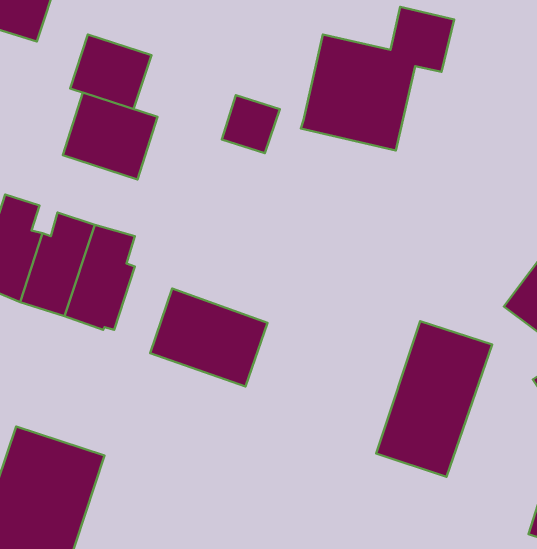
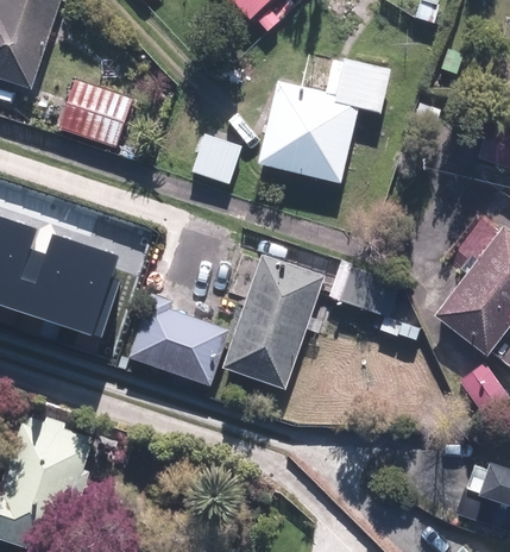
building: [63,93,158,179] -> none
building: [376,321,492,477] -> [223,255,323,389]

